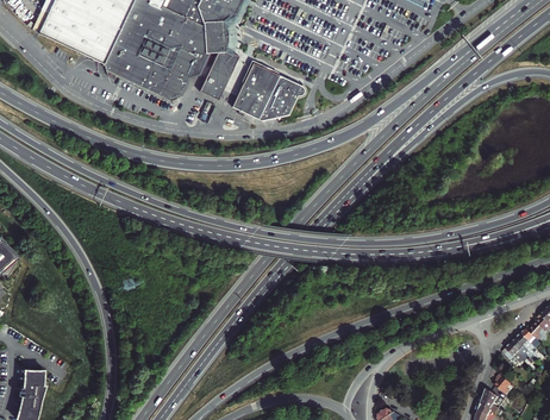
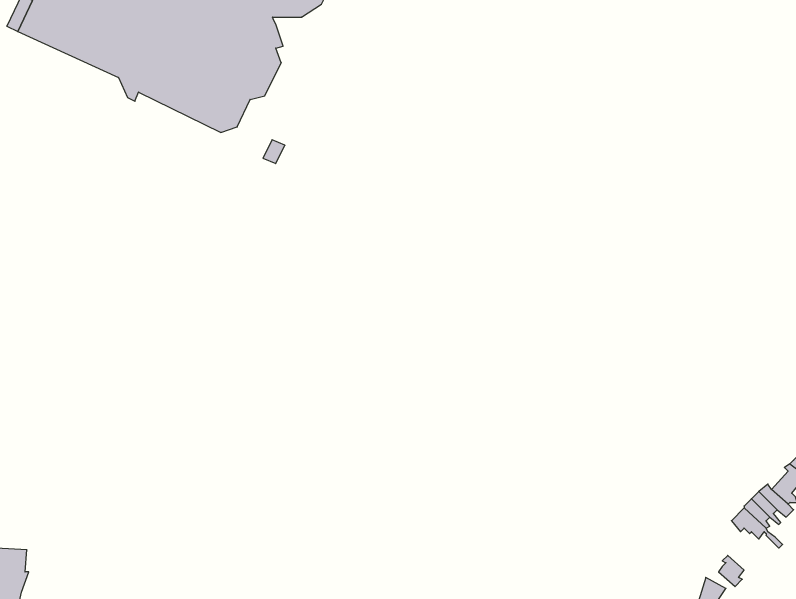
building: [198,48,238,101] -> none
building: [230,63,305,121] -> none

